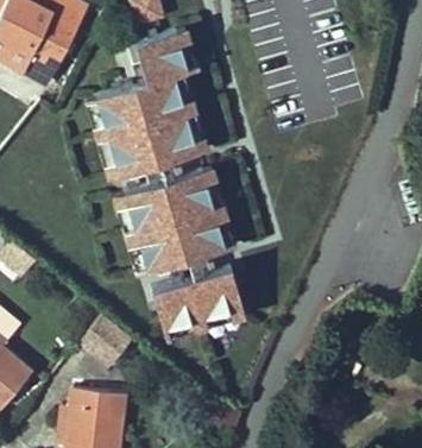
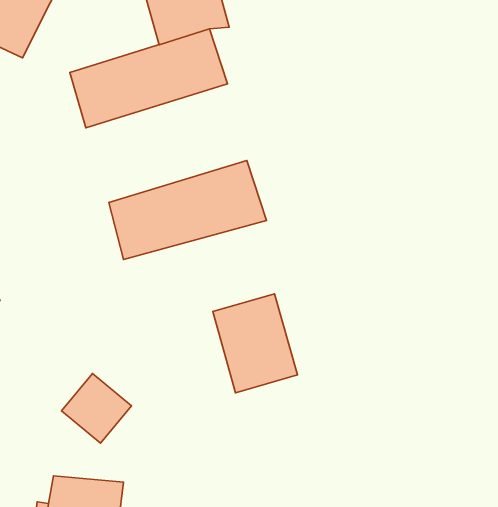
building: [96,105,213,177] -> none
building: [124,204,239,273] -> none
building: [153,271,206,340] -> none

